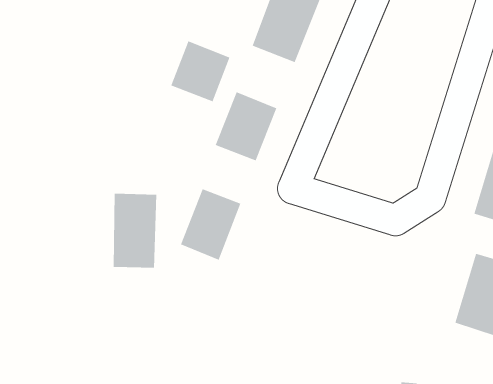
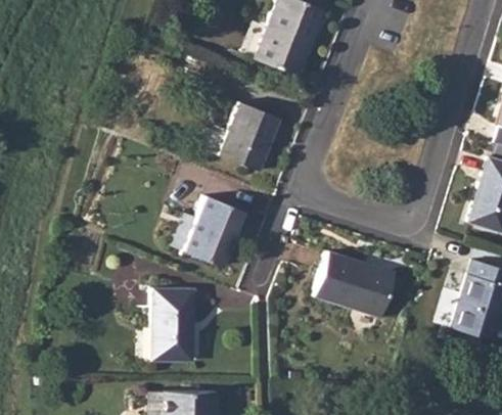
building: [170,40,230,102] -> none
building: [113,193,157,268] -> [151,288,194,361]
building: none -> [313,252,394,316]

